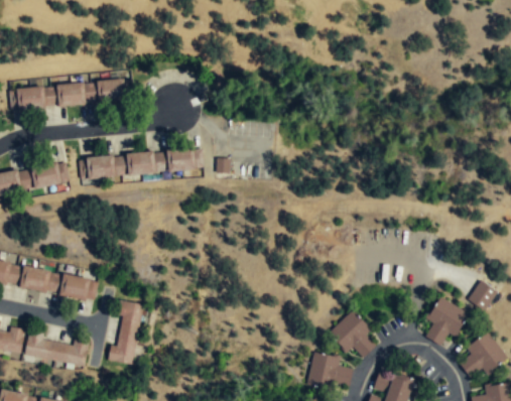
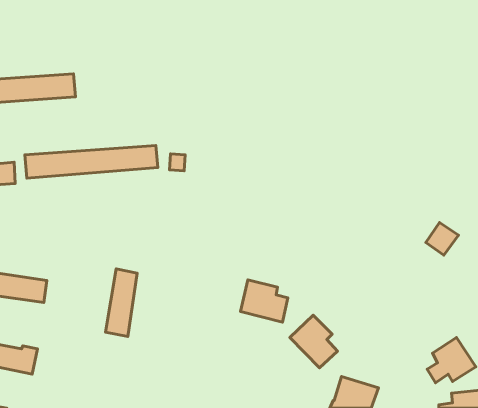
building: [467,280,498,311] -> [426,223,459,255]
building: [420,297,469,344] -> none
building: [112,300,142,365] -> [106,269,137,336]
building: [306,352,352,392] -> [240,280,288,322]

